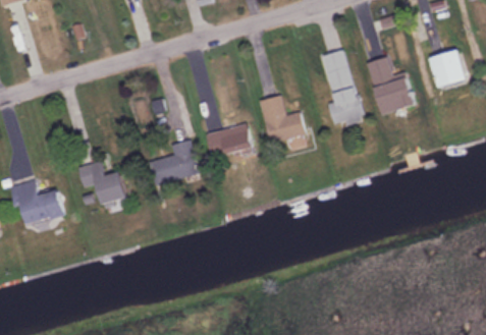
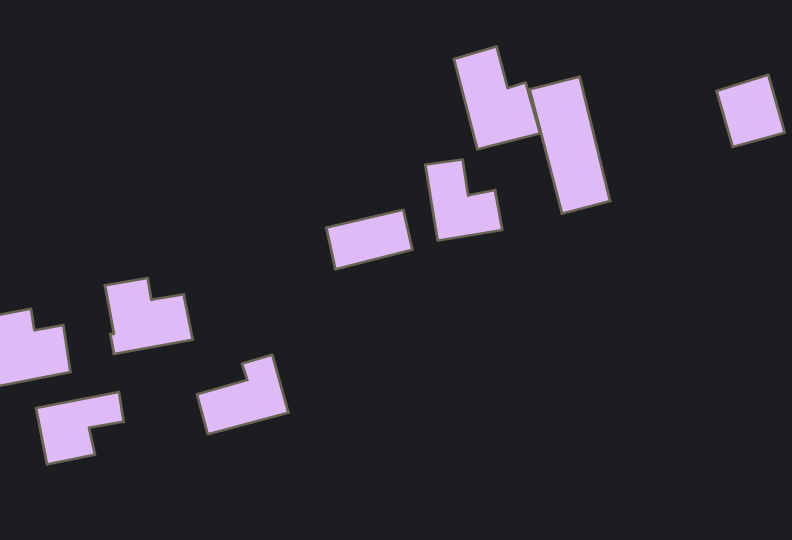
building: [365,55,414,113] -> [454,47,540,149]
building: [148,141,200,185] -> [197,355,289,434]
building: none -> [36,392,124,465]

